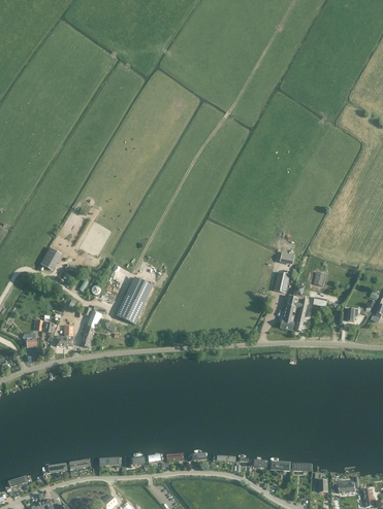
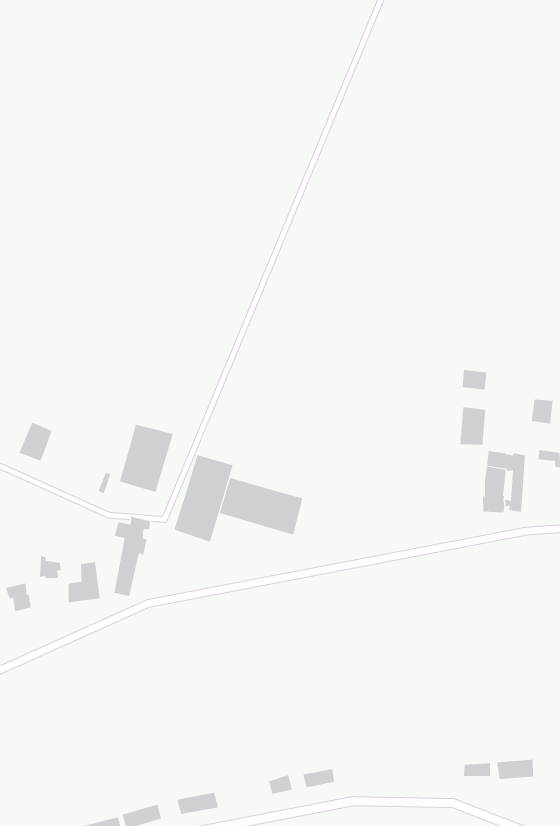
building: none -> [119,424,173,493]
building: none -> [219,477,303,536]

